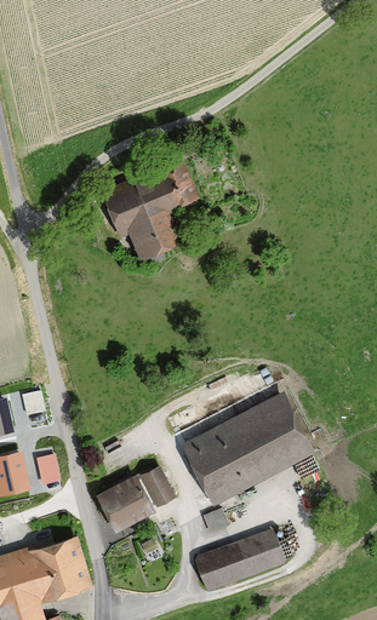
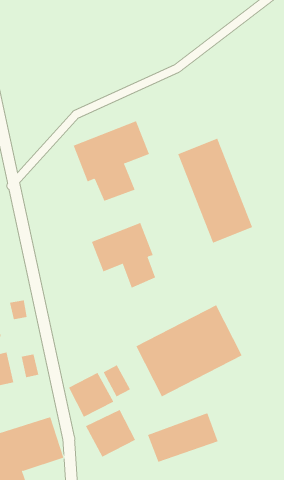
building: none -> [177,138,253,243]
building: none -> [91,222,156,288]
building: none -> [85,409,136,458]

